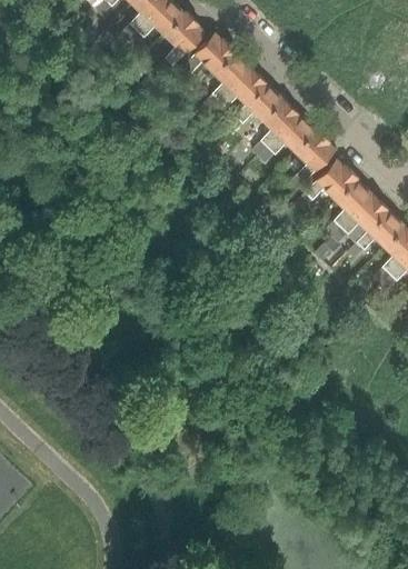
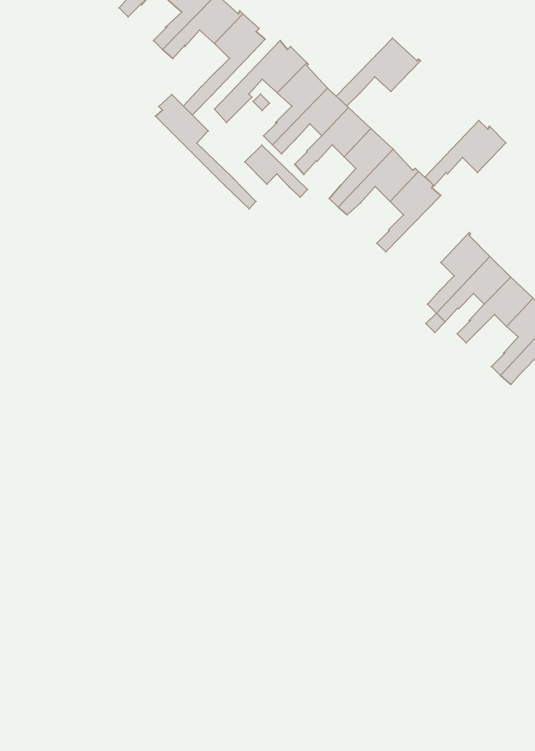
building: none -> [336,38,420,106]
building: none -> [155,95,256,209]
building: none -> [245,145,307,197]
building: [296,159,356,208] -> [425,120,506,186]

